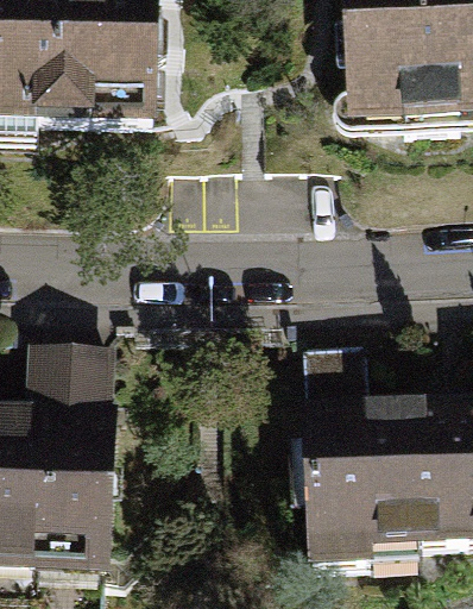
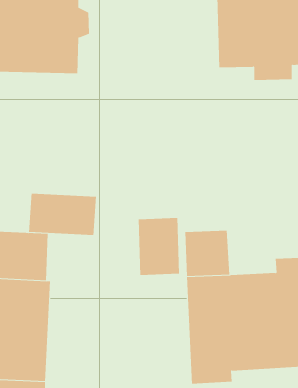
building: none -> [28,193,96,236]
building: none -> [138,217,180,276]

